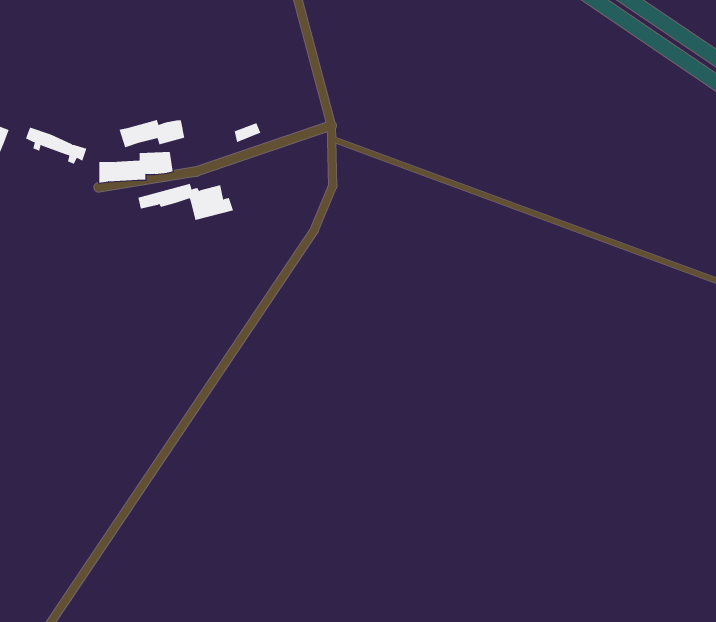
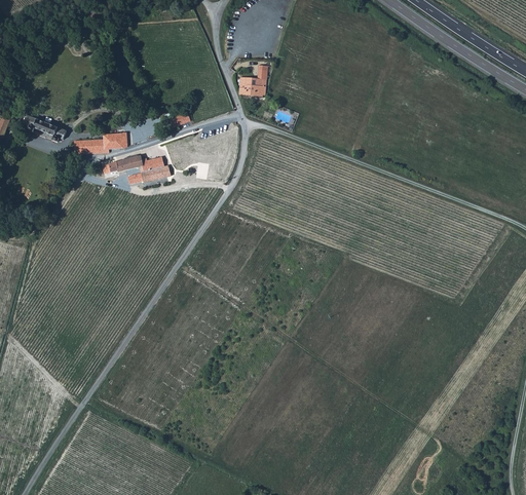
building: none -> [238,77,265,96]
building: [119,119,185,148] -> none

